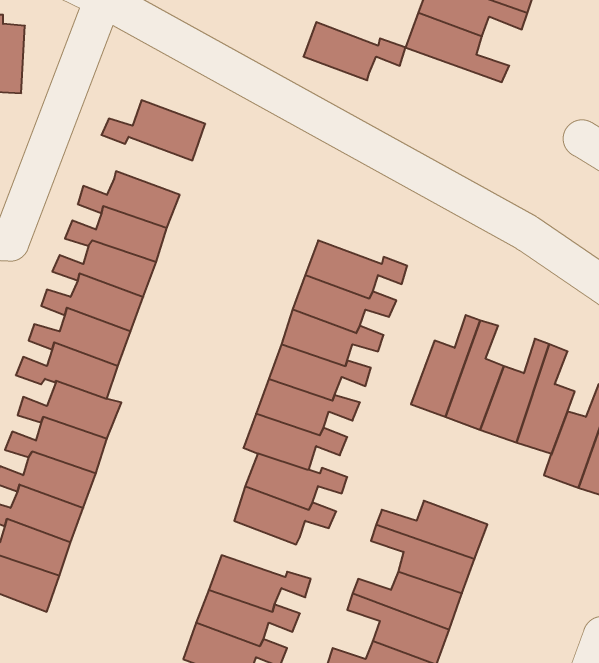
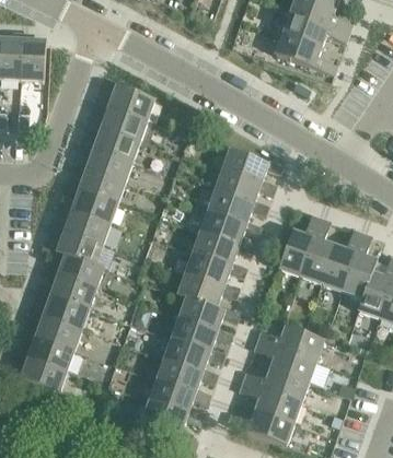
building: [303,22,405,80] -> [222,148,284,183]
building: none -> [85,106,147,141]
building: none -> [164,337,226,371]

